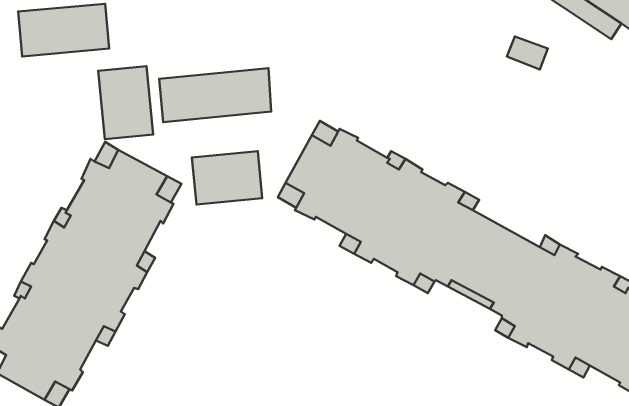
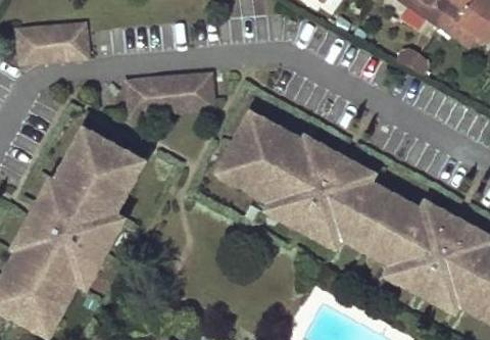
building: [98,66,153,139] -> none
building: [192,151,262,204] -> none

